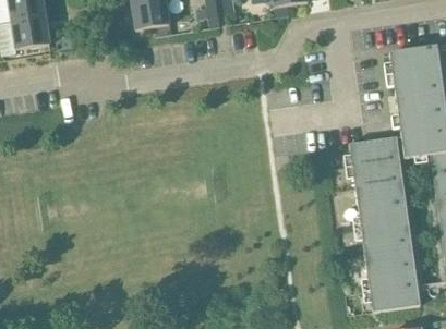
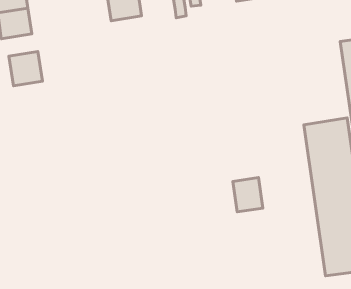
building: none -> [9,51,43,86]
building: none -> [233,178,263,212]

